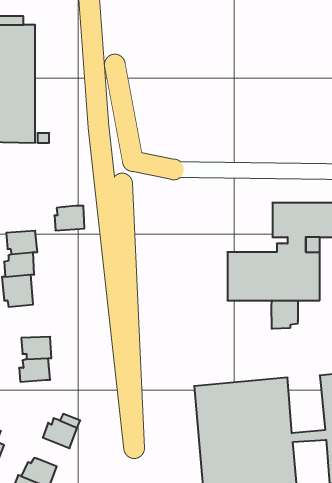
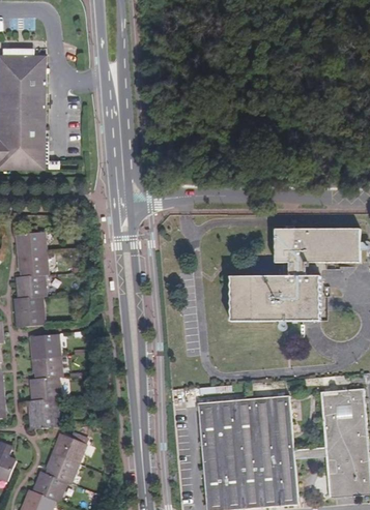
building: [54,206,84,230] -> [17,232,46,256]
building: [271,300,298,329] -> none
building: none -> [30,334,60,357]
building: none -> [28,397,58,429]
building: none -> [47,453,79,483]

